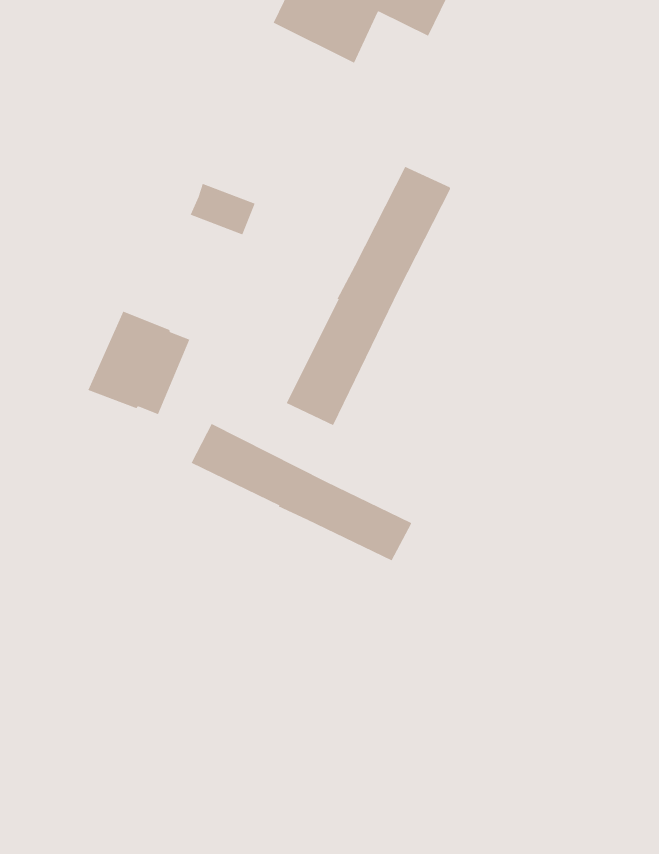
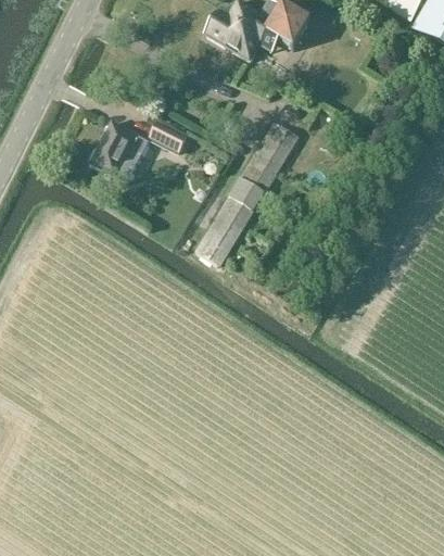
building: [88,311,190,415] -> [89,119,150,180]
building: [191,423,412,561] -> none

